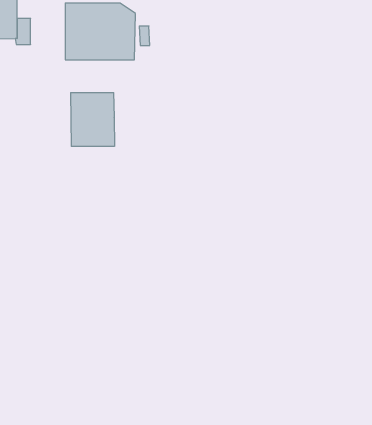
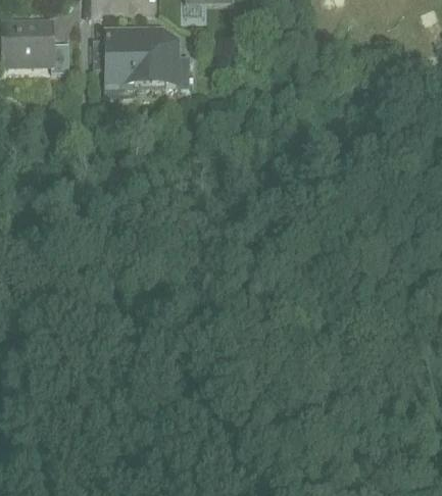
building: [71,93,114,146] -> none

